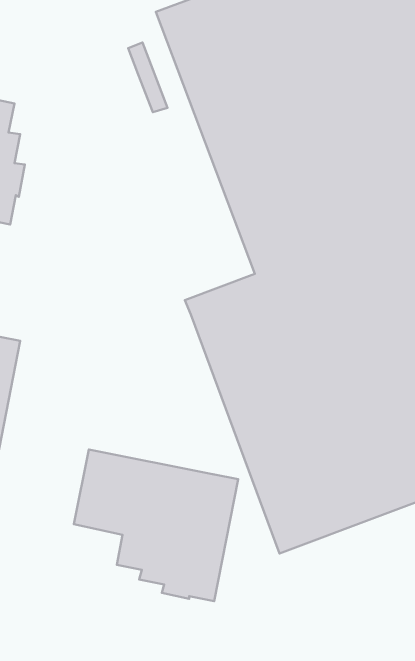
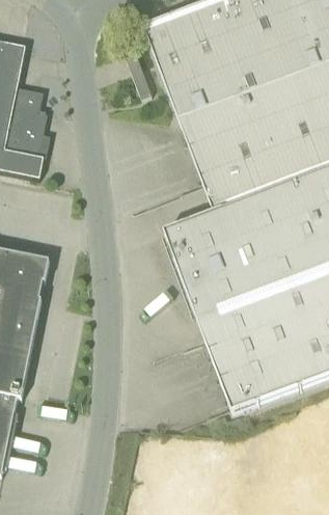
building: [74,449,238,601] -> none

